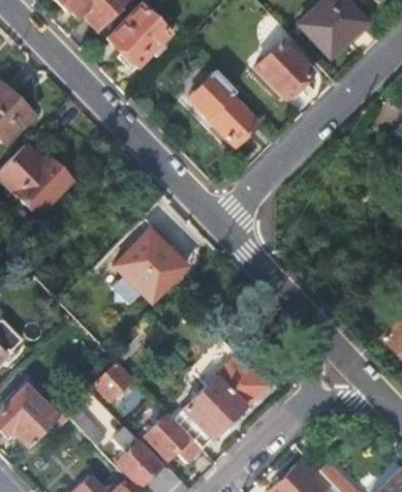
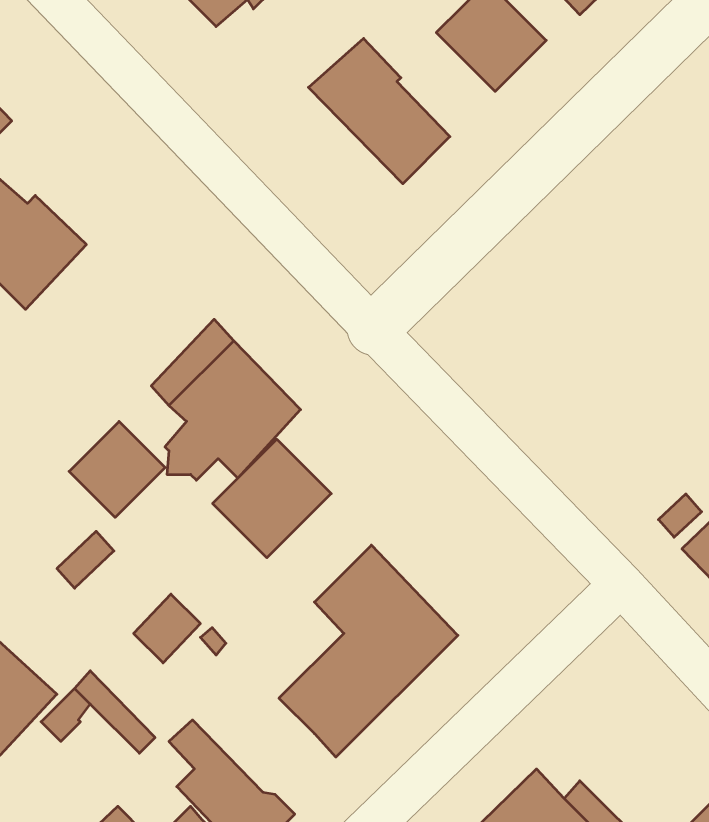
building: none -> [69,421,165,517]
building: none -> [213,439,331,558]
building: [147,418,203,463] -> none

